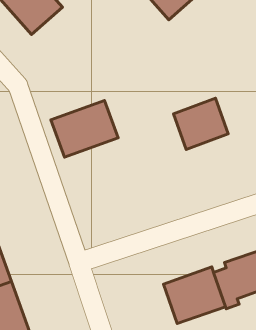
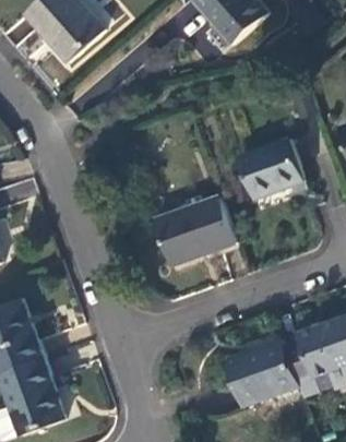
building: [51,101,118,157] -> [154,196,235,264]

